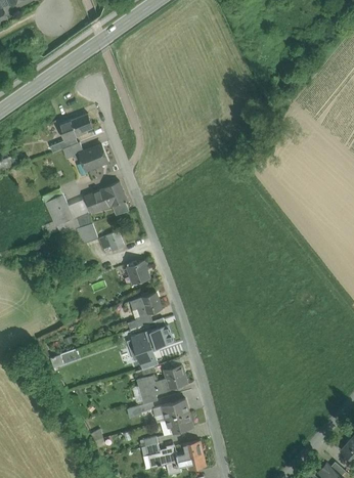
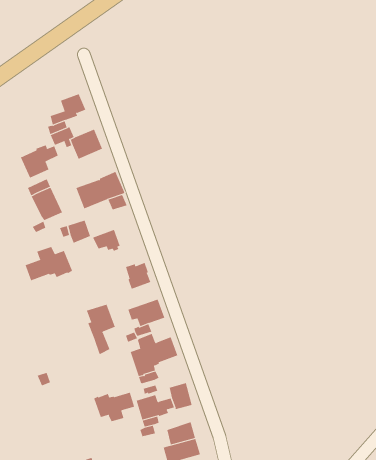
building: none -> [20,144,58,179]
building: none -> [25,246,73,281]
building: none -> [86,304,115,355]
building: none -> [94,392,135,422]

